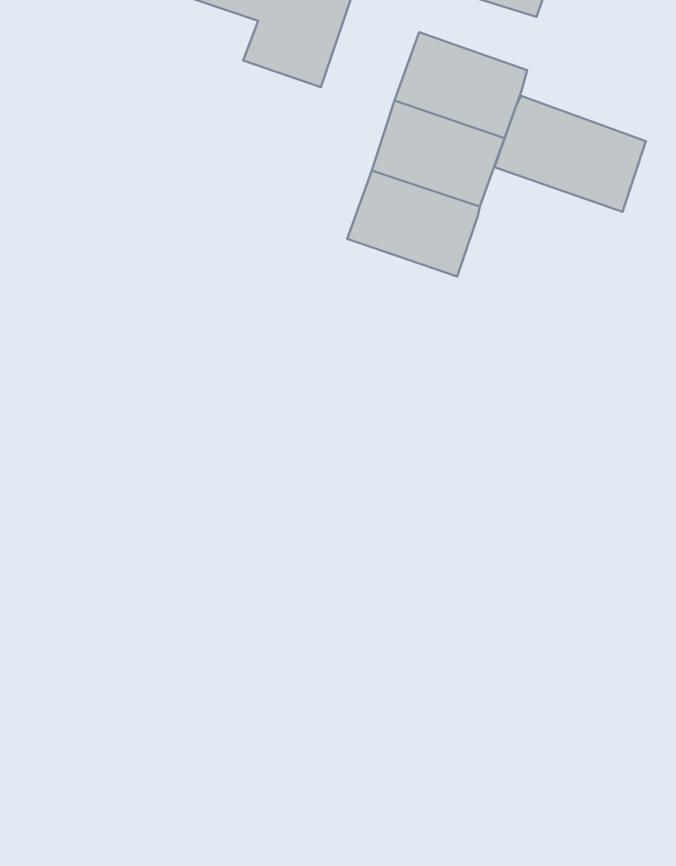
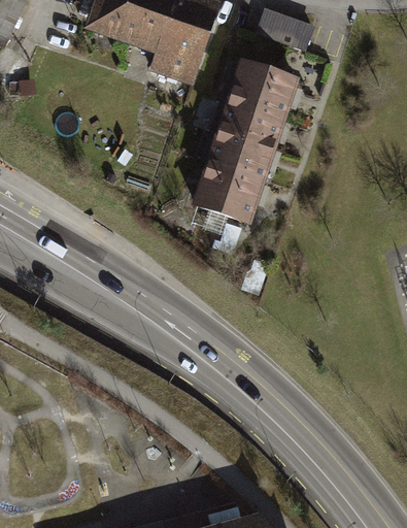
building: [495,96,646,212] -> none
building: none -> [190,169,263,227]

